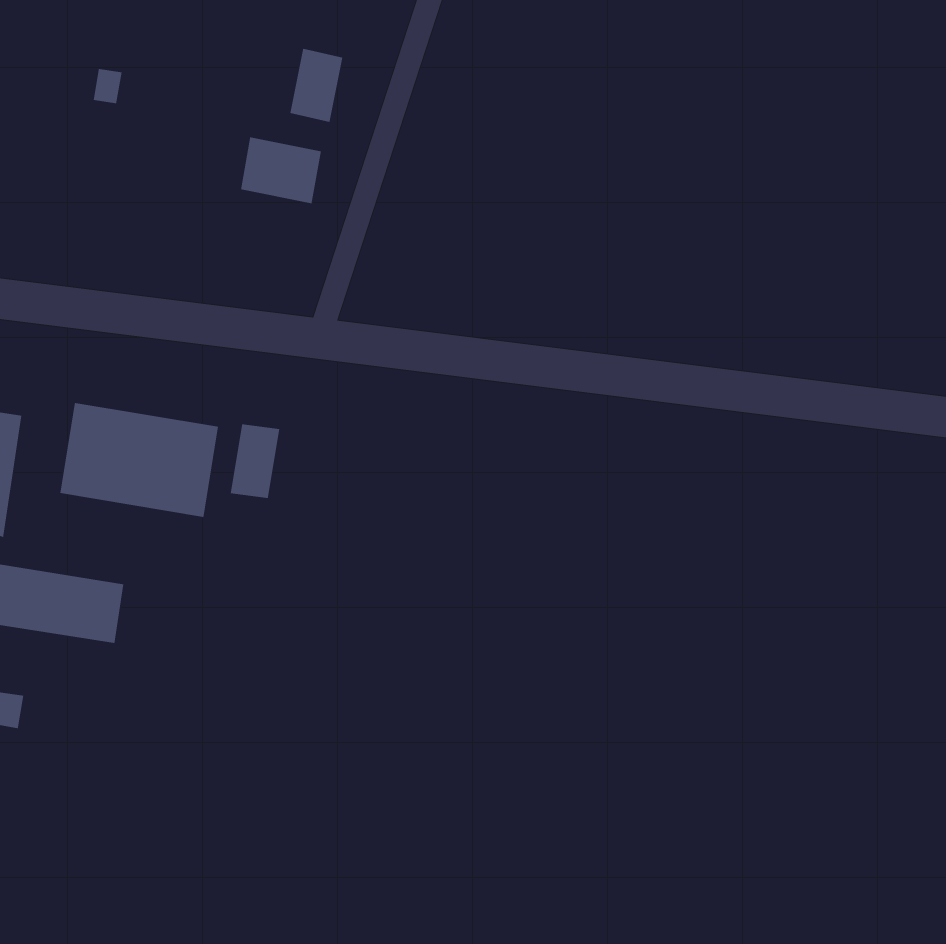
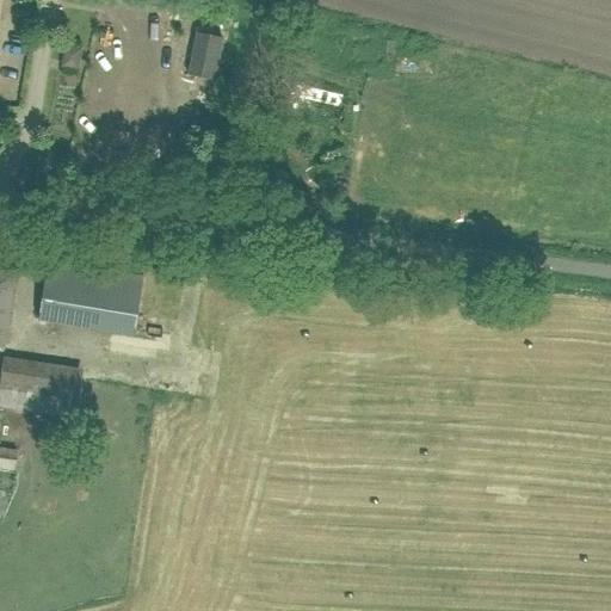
building: [240,137,321,204] -> none
building: [230,423,280,499] -> none

